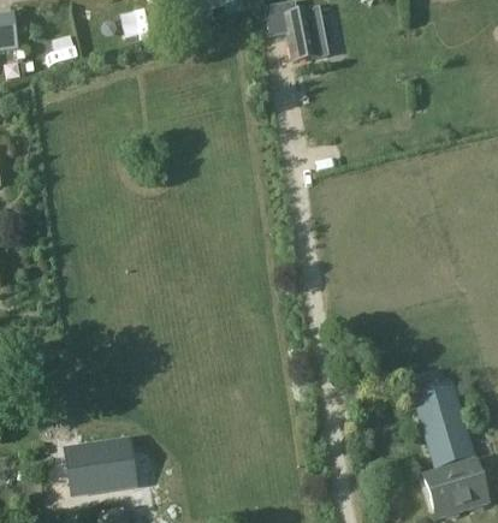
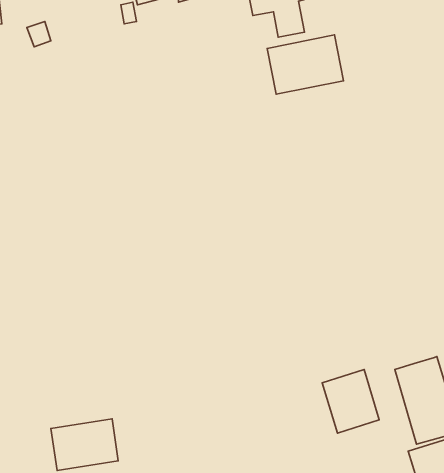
building: none -> [267,35,343,94]
building: none -> [322,370,379,433]

